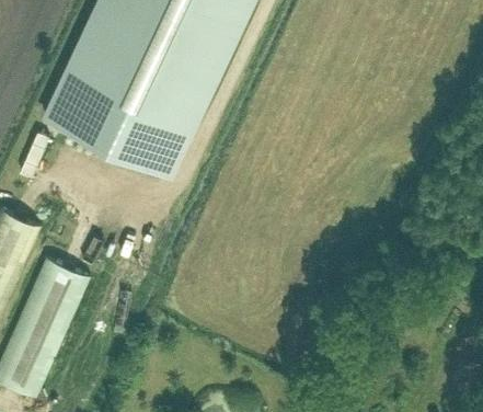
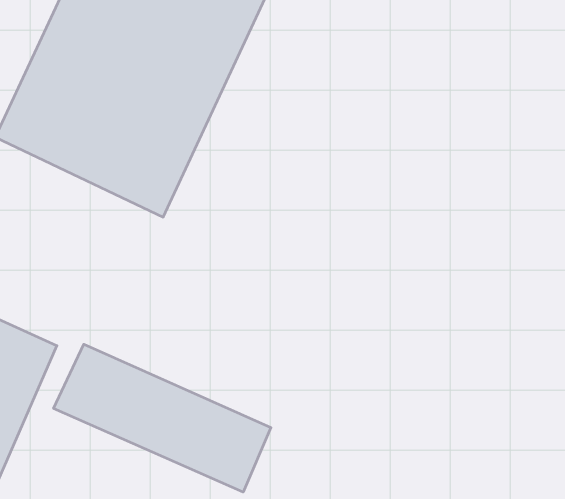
building: none -> [54,344,271,492]

